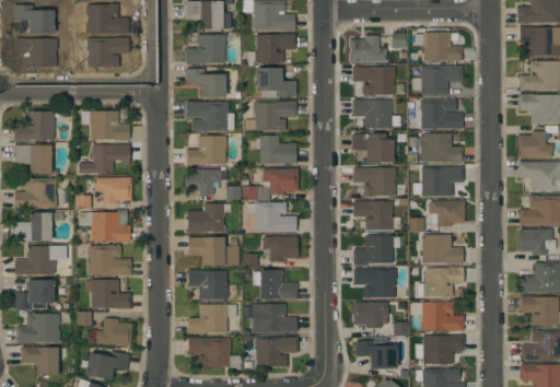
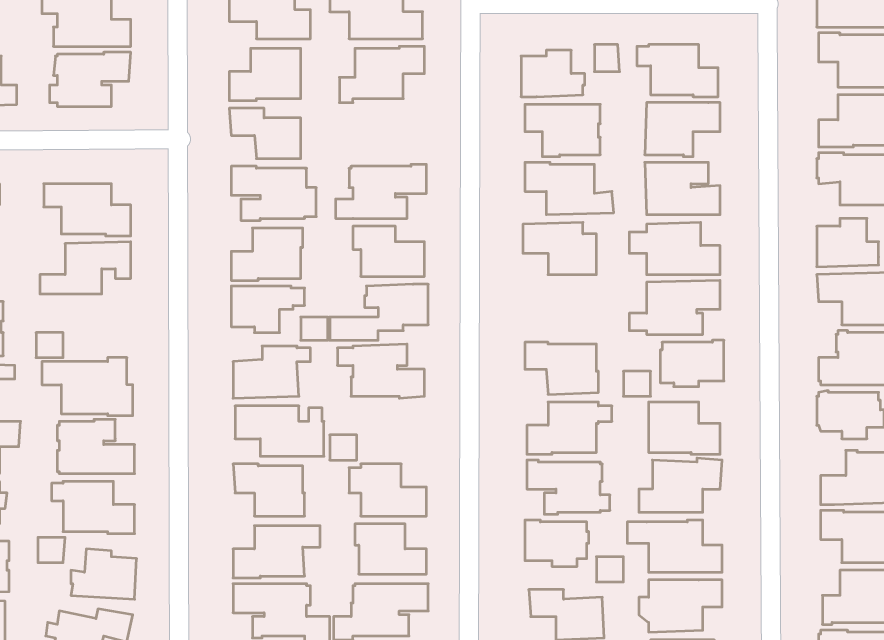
building: [256,68,296,98] -> none
building: [352,167,396,197] -> none
building: [94,177,131,204] -> none
building: [262,236,299,262] -> none

